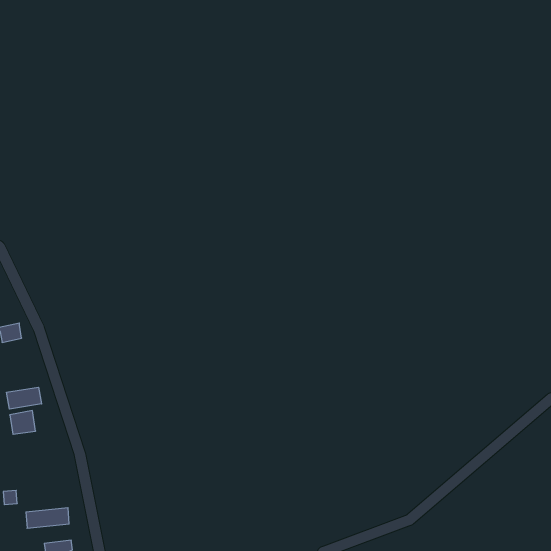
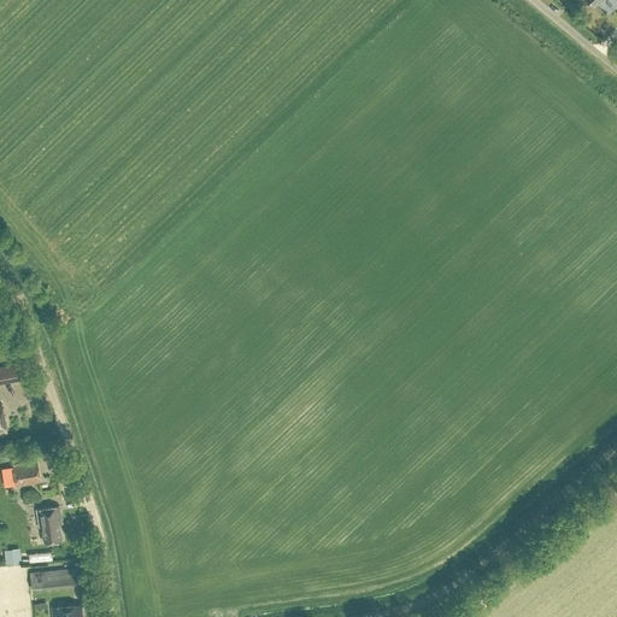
building: [7,387,42,409] -> none
building: none -> [34,506,60,542]

